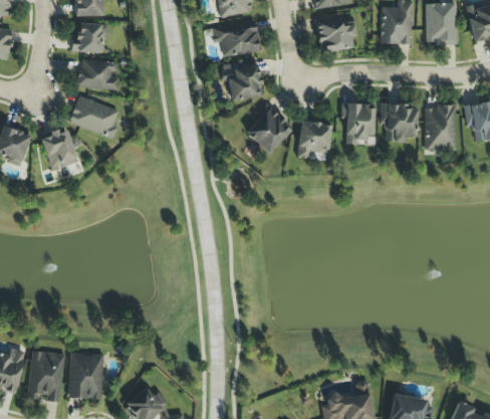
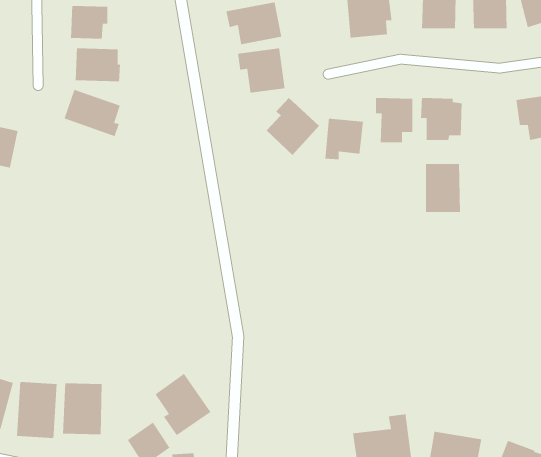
building: [426,106,457,149] -> [425,163,461,213]
building: [40,128,79,168] -> none
building: none -> [154,373,211,436]

